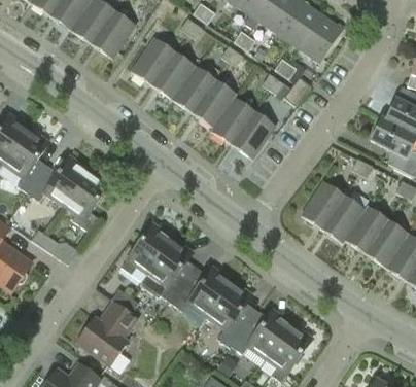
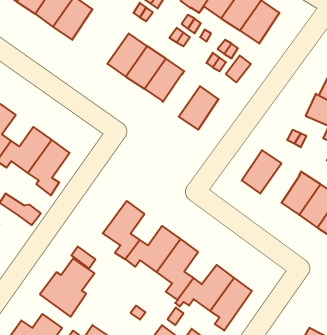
building: [131,37,175,85] -> none
building: [210,97,254,144] -> none
building: [321,196,366,244] -> none
building: [122,223,173,274] -> none

